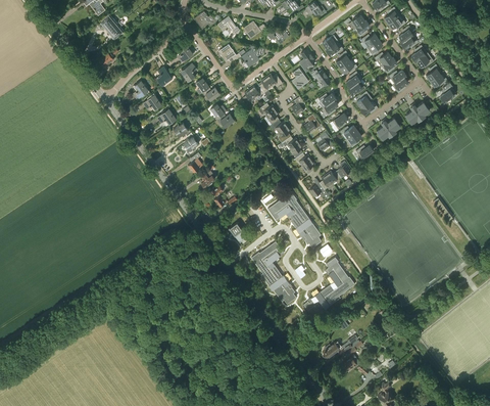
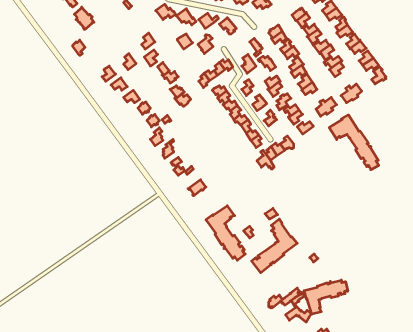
building: none -> [329,115,379,170]
building: [267,191,322,247] -> none
building: none -> [304,280,348,314]

